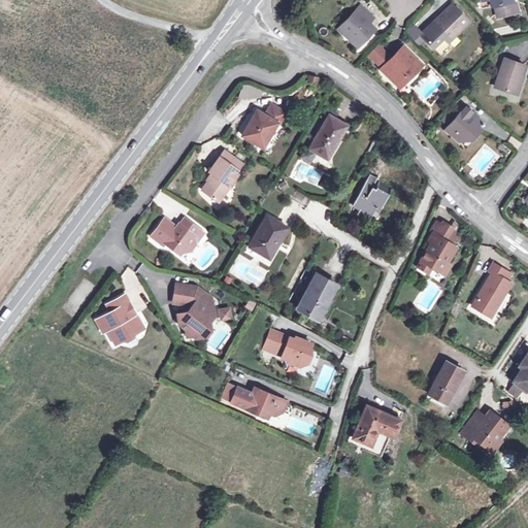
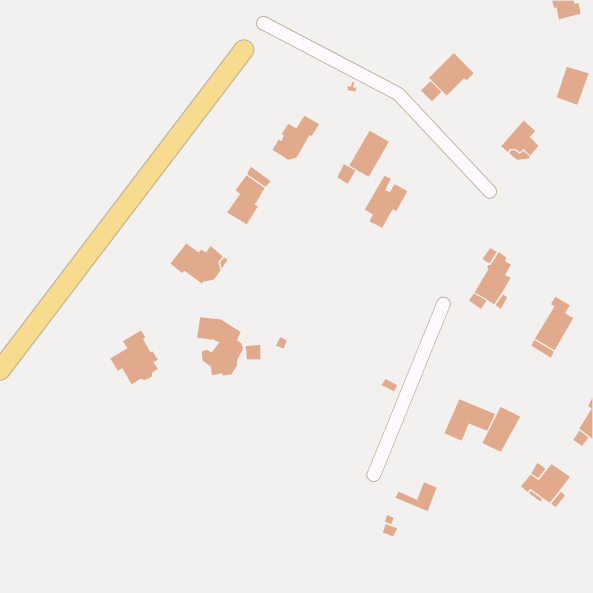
building: [421,5,469,48] -> none
building: [338,7,373,46] -> none
building: [352,174,391,222] -> [364,175,408,228]
building: [249,216,287,256] -> none
building: [298,274,335,317] -> none
building: [273,334,311,366] -> none
building: [231,386,287,417] -> none
building: [354,405,400,443] -> [444,399,496,442]

